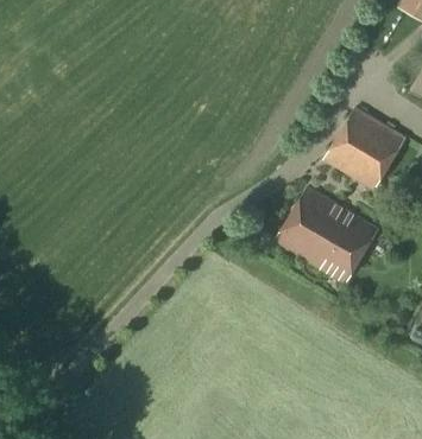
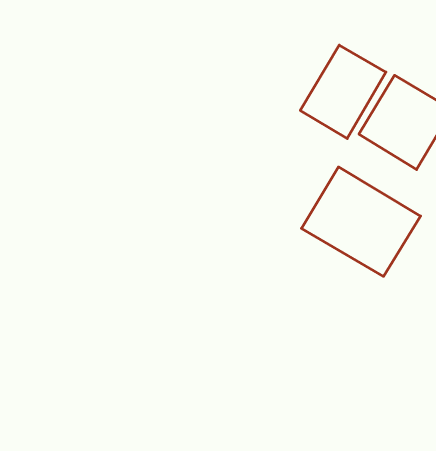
building: none -> [300,45,386,139]

